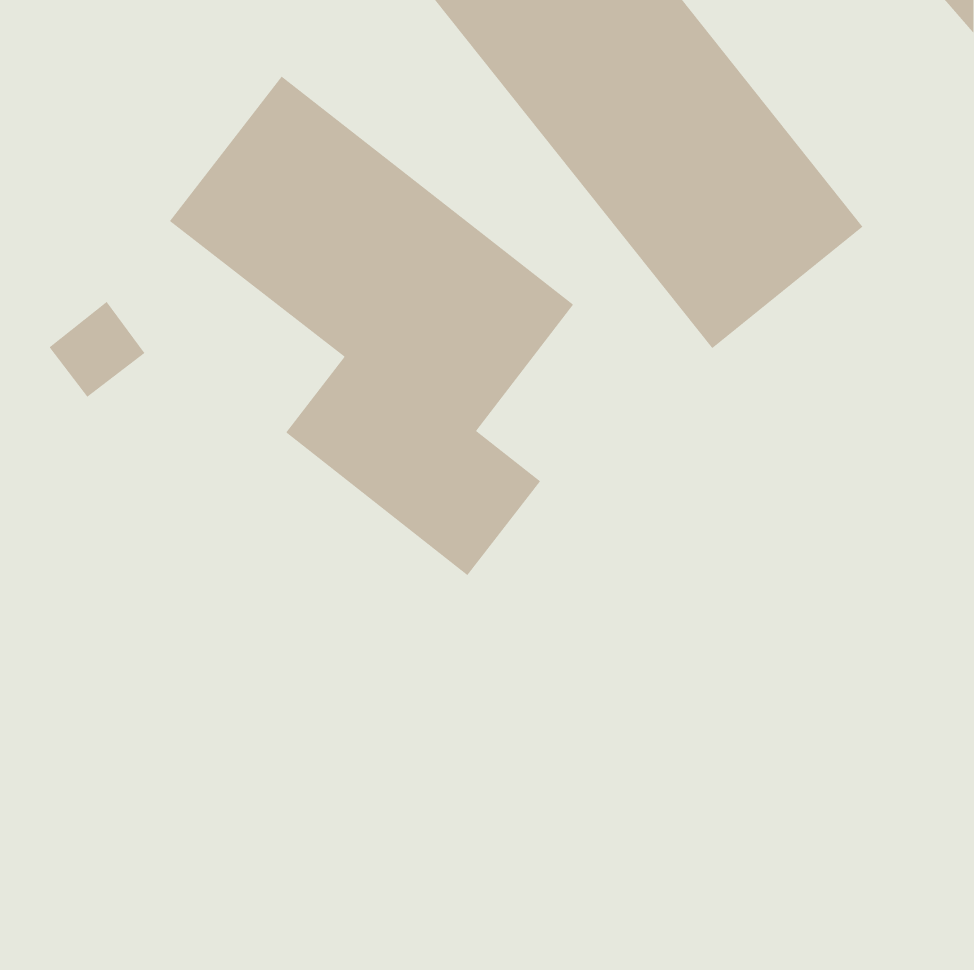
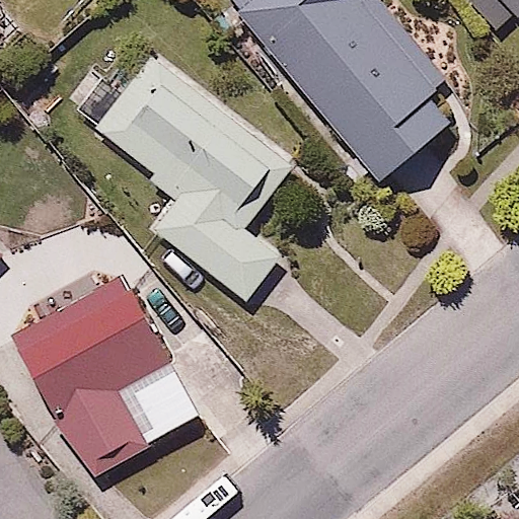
building: none -> [18,281,162,478]

